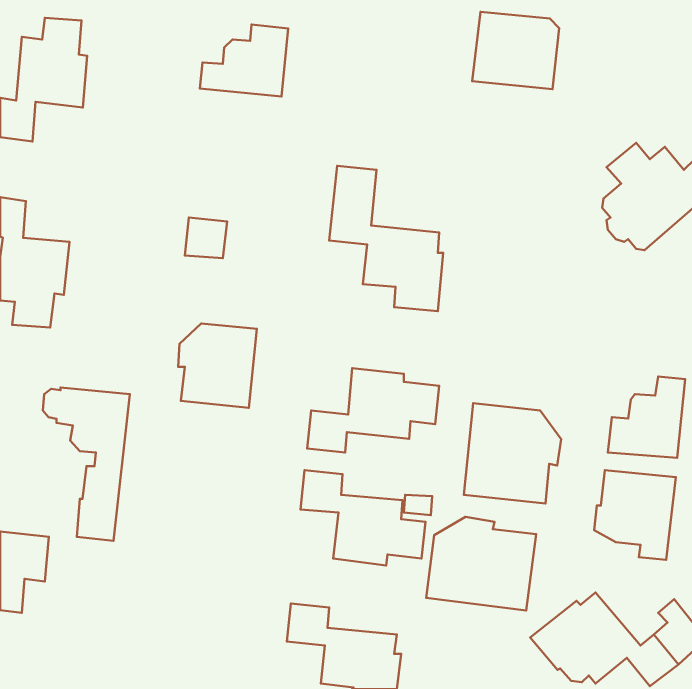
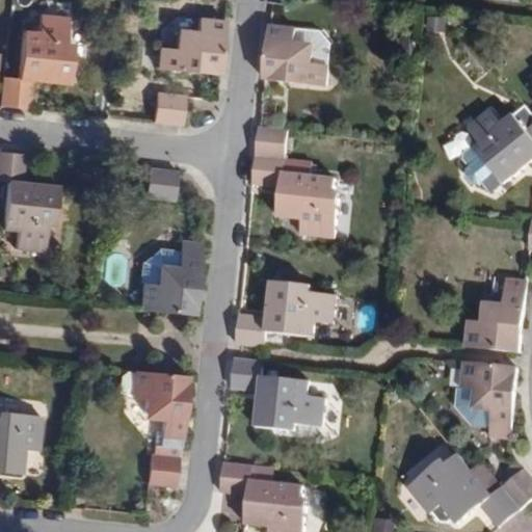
building: [472,12,559,89] -> [264,26,330,85]
building: none -> [152,92,184,124]
building: [43,387,130,541] -> [119,368,186,485]
building: [464,403,561,503] -> none
building: [426,517,536,610] -> none

